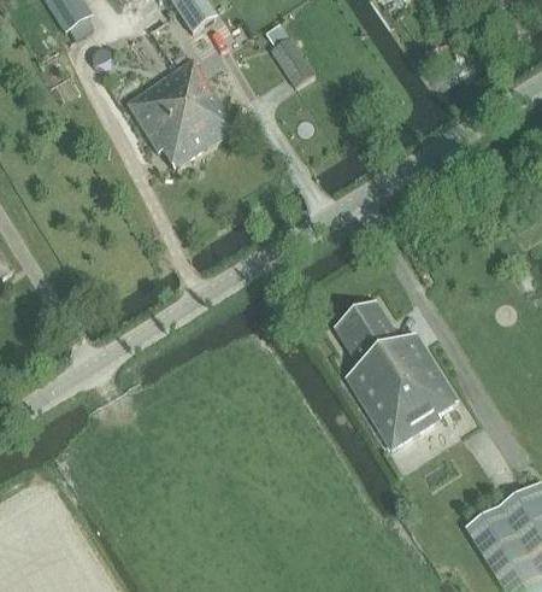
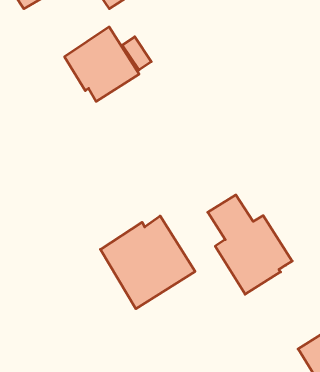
building: [270,39,312,87] -> [122,37,151,70]
building: none -> [100,216,195,309]

